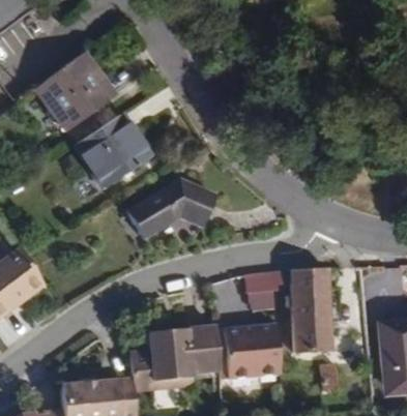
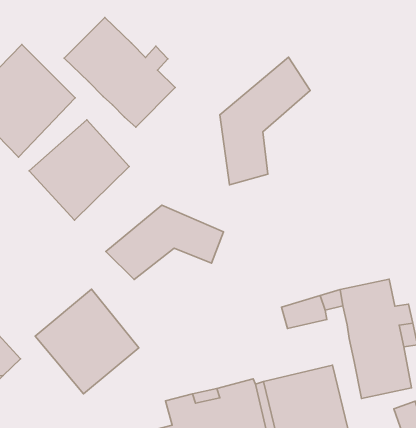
building: none -> [64,18,175,127]
building: none -> [220,57,310,185]
building: none -> [35,289,139,394]

